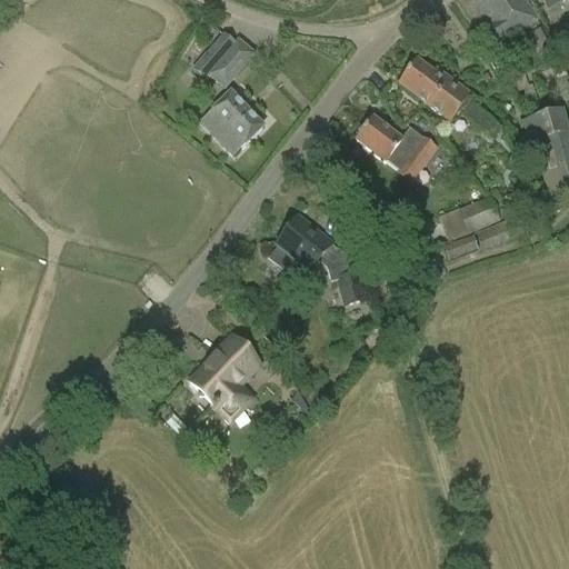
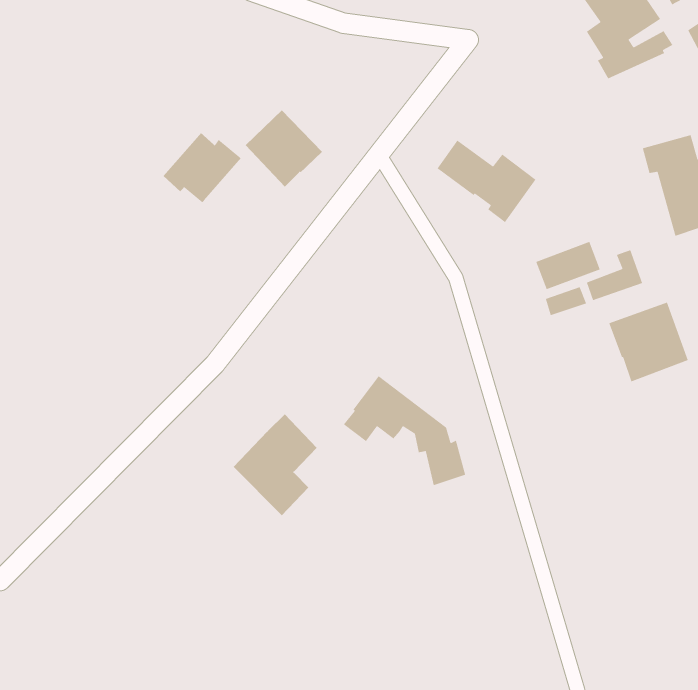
building: [192,29,257,87] -> [162,132,242,203]
building: [398,56,500,132] -> none
building: [269,214,369,305] -> [343,375,466,486]
building: none -> [608,302,689,382]

